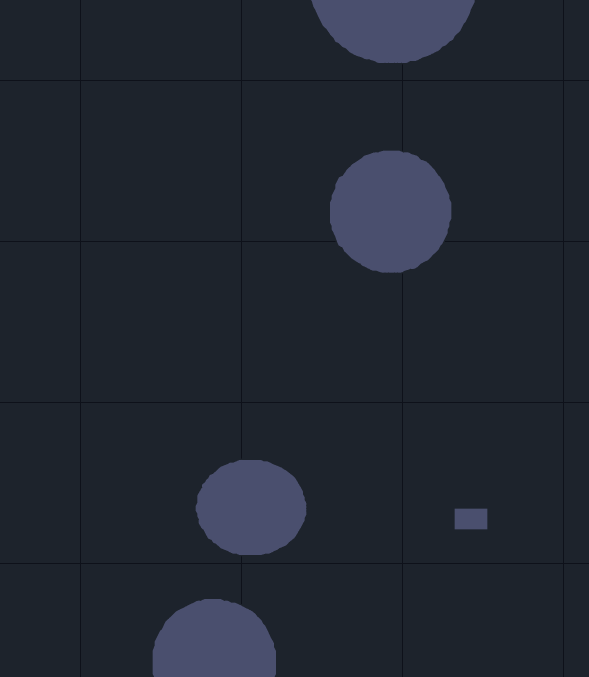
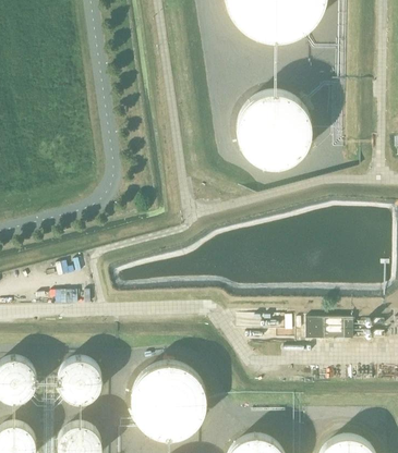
building: [195,459,307,556] -> none
building: none -> [58,362,101,405]

